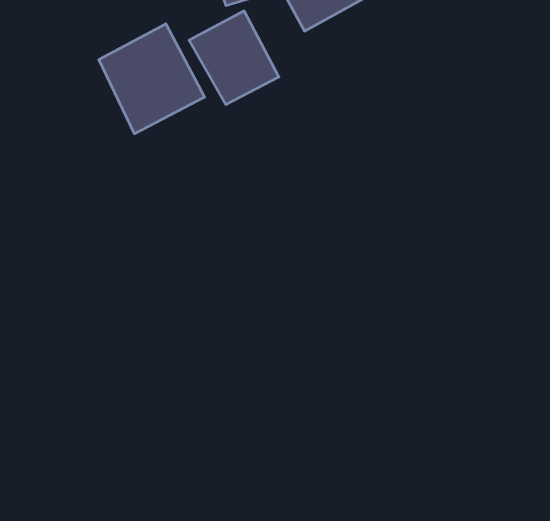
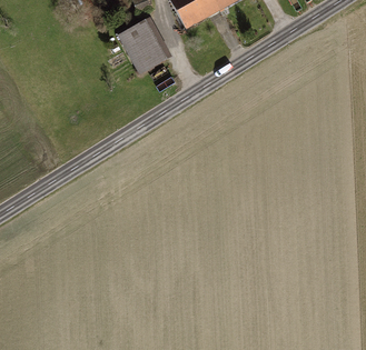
building: [99,24,205,134] -> none

